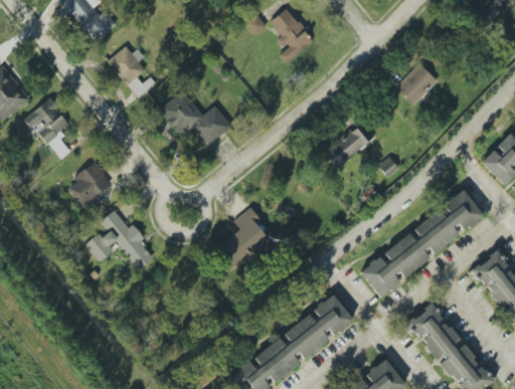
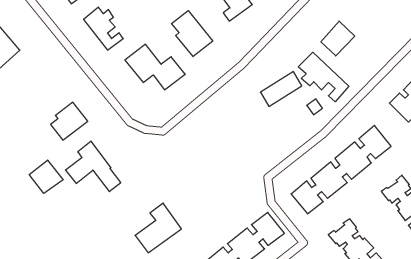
building: none -> [172,11,213,57]
building: [24,98,73,160] -> none
building: none -> [298,52,349,102]
building: [216,208,273,268] -> [135,203,181,253]
building: none -> [29,160,63,193]

